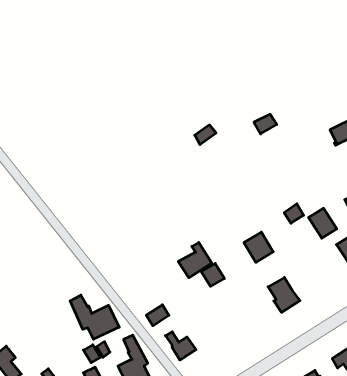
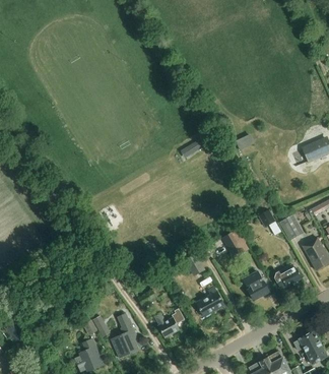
building: [178,242,212,278] -> [196,288,224,317]
building: none -> [274,264,302,289]
building: [70,295,119,339] -> none

